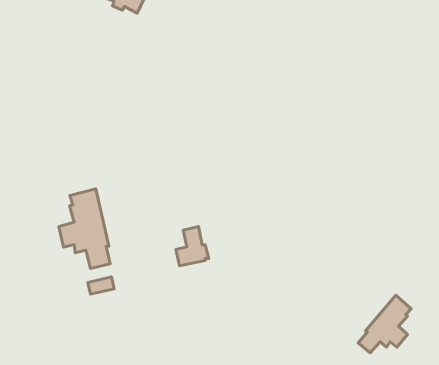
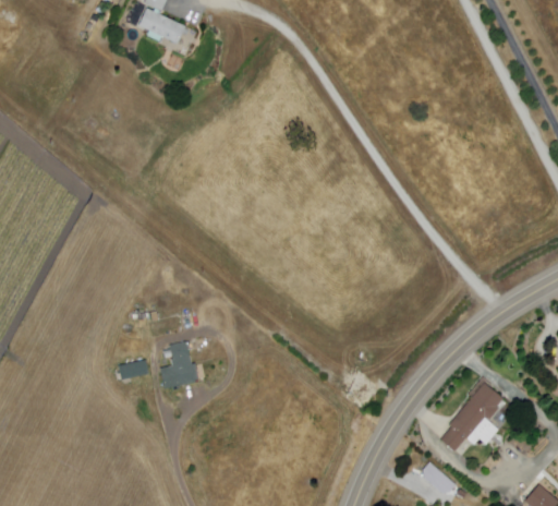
building: [59,189,110,268] -> none
building: [176,227,209,266] -> [160,342,199,389]

